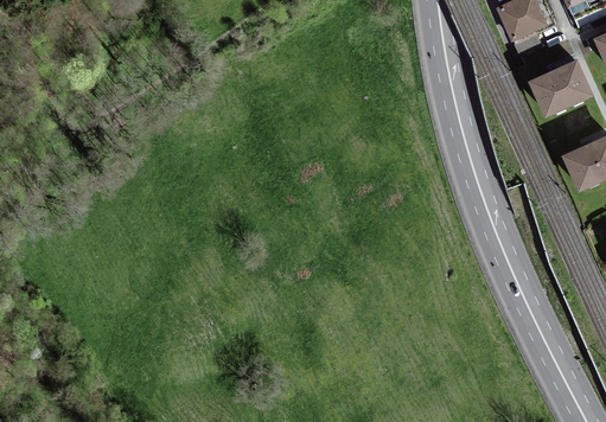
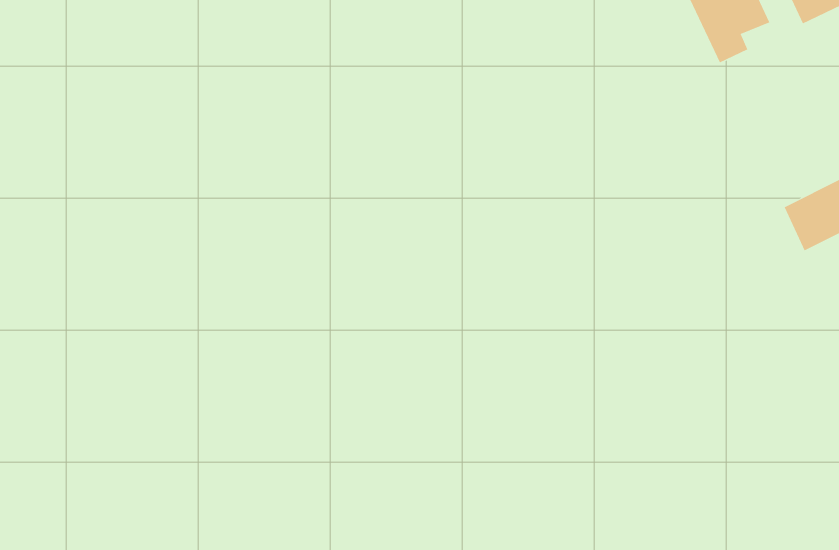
building: [531,62,588,111] -> none

